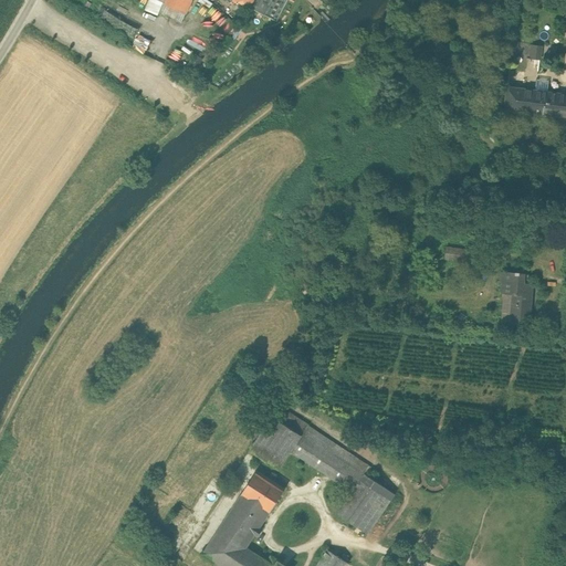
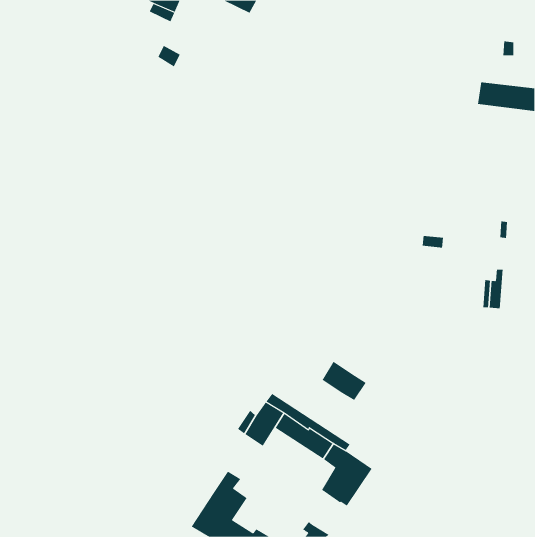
building: [501,271,524,295] -> none
building: none -> [322,361,366,401]
building: [240,470,284,524] -> none

